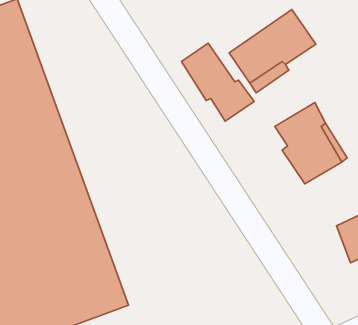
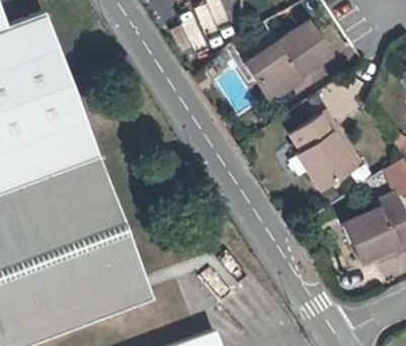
building: [182,43,254,121] -> none

